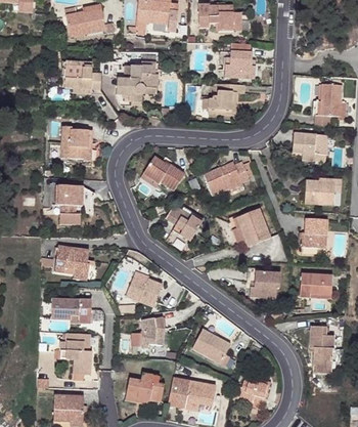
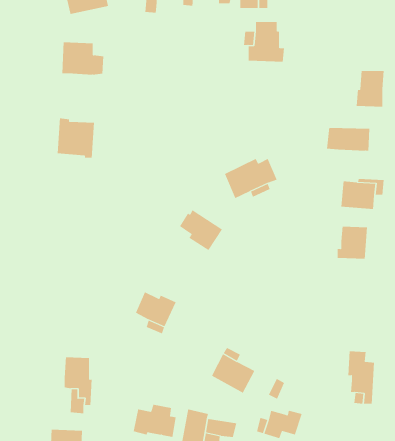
building: [116,61,156,104] -> none
building: [208,83,244,115] -> none
building: [140,156,185,190] -> none
building: [56,185,83,224] -> none
building: [230,209,270,253] -> none
building: [54,245,89,275] -> none
building: [249,271,280,299] -> none
building: [300,273,331,299] -> none
building: [50,298,90,324] -> none
building: [141,319,163,348] -> none

